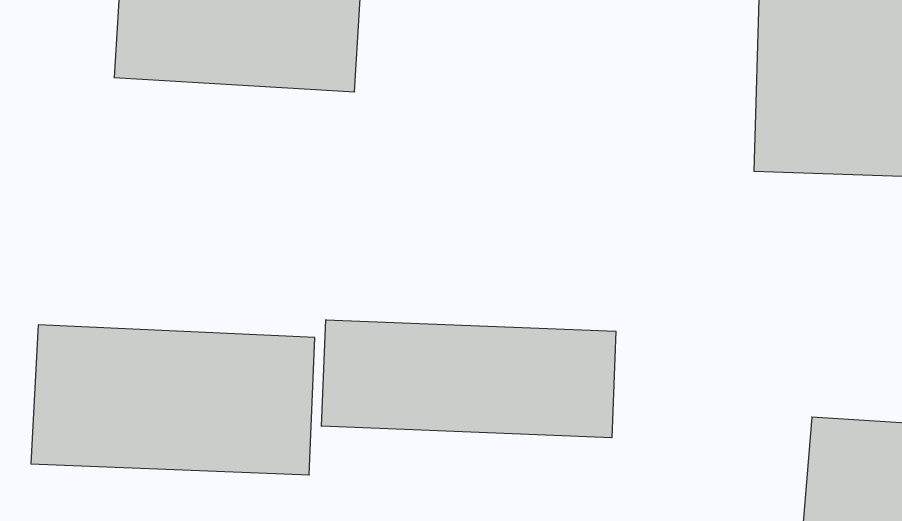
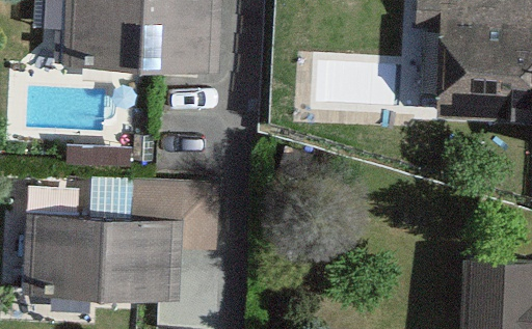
building: [322,320,616,438] -> none

